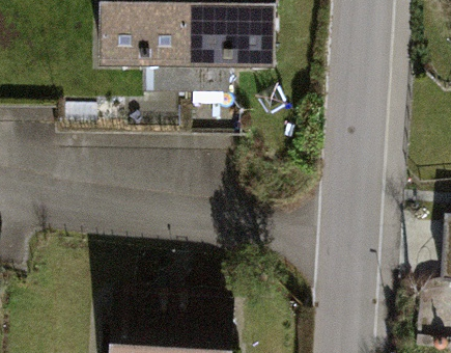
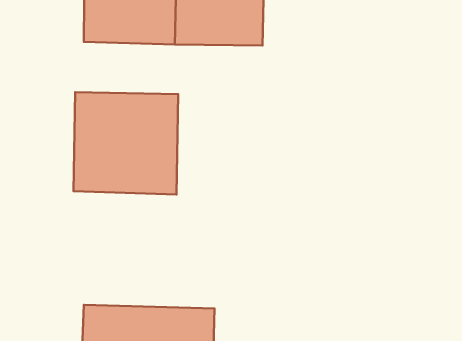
building: none -> [74,92,178,194]

